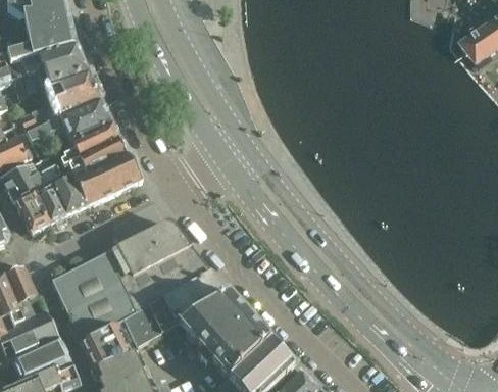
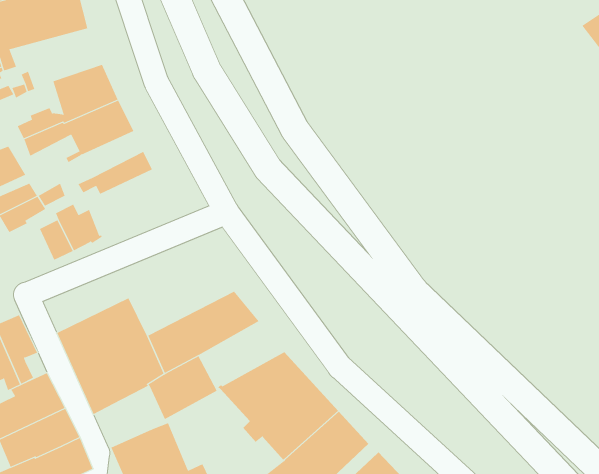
building: [20,43,88,86] -> none
building: [60,122,119,166] -> none
building: [76,152,143,204] -> none
building: [15,191,50,232] -> none
building: [108,220,190,281] -> none
building: [162,270,229,324] -> none
building: [81,326,126,368] -> none

